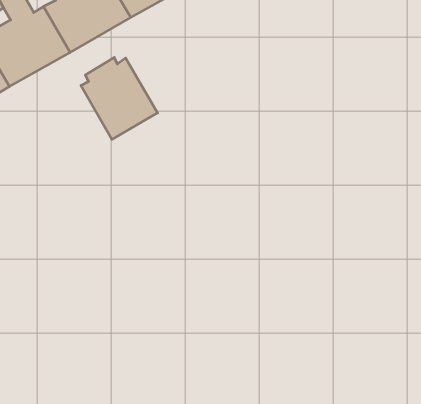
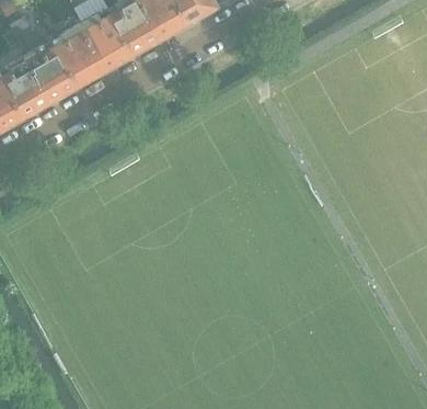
building: [81,57,158,139] -> none

